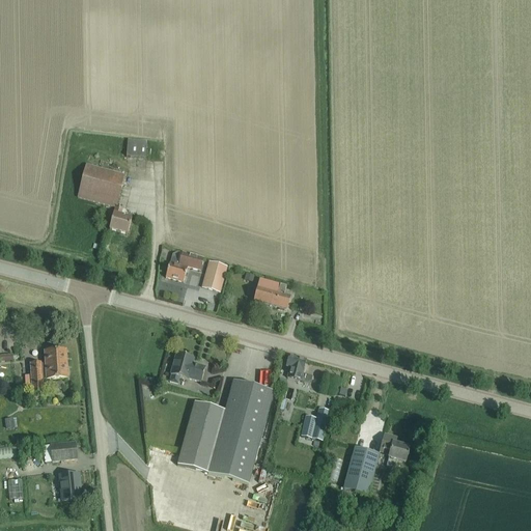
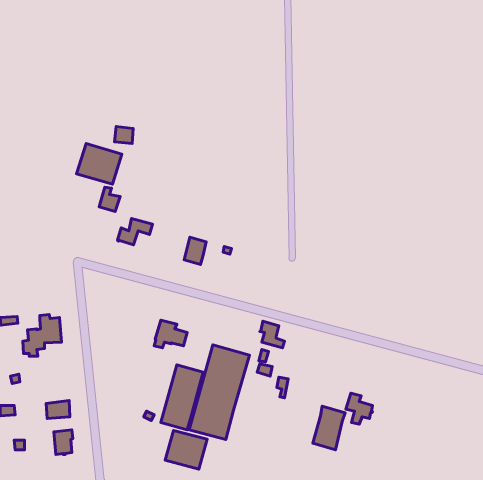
building: [165,251,203,280] -> [117,218,152,245]
building: [254,278,289,308] -> none
building: none -> [165,431,207,469]

